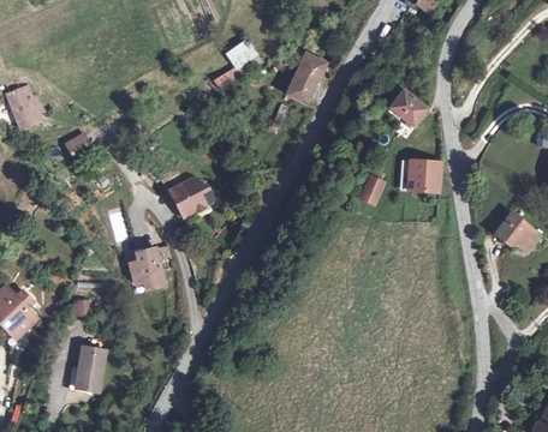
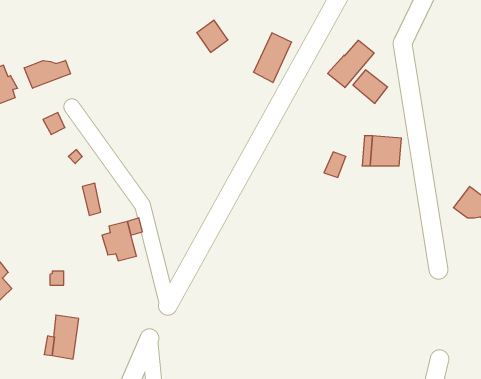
building: none -> [328,40,374,88]
building: none -> [24,60,70,88]
building: [171,178,214,214] -> none

